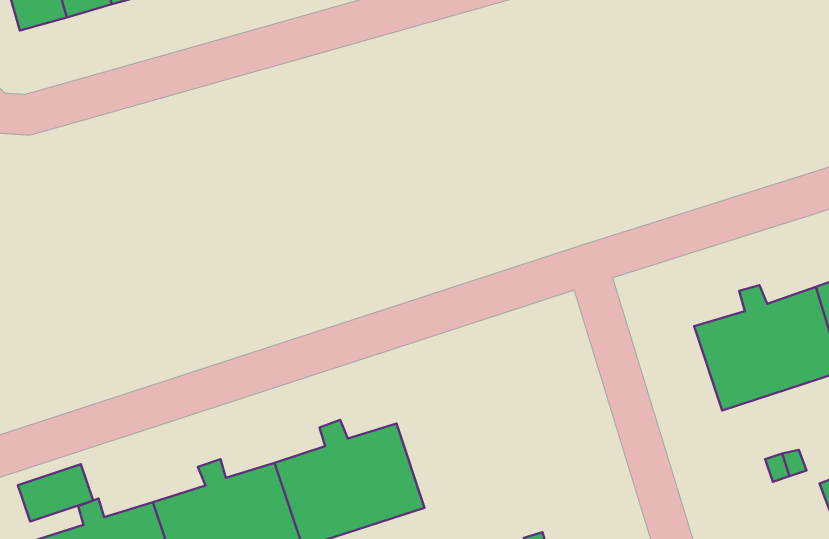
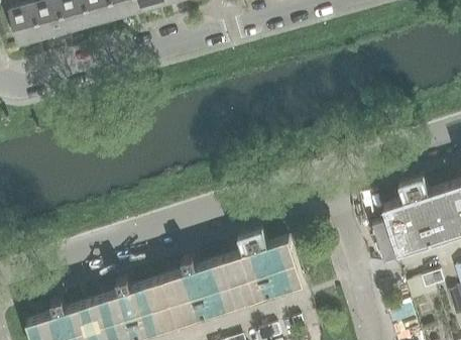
building: none -> [221,234,302,303]
building: [18,464,93,522] -> none

